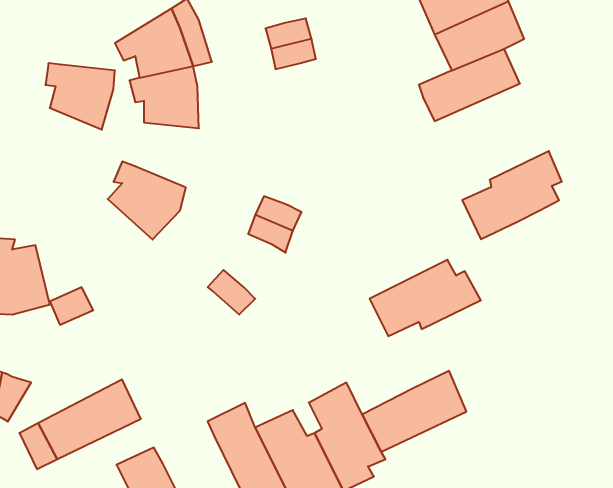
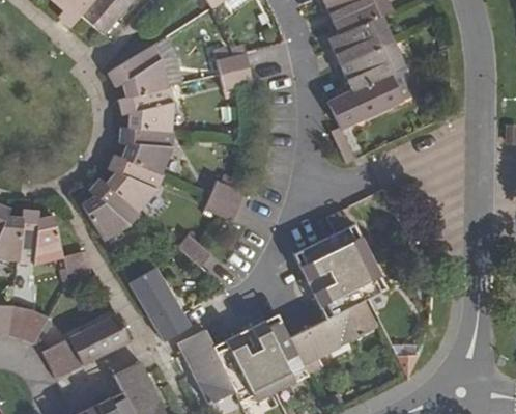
building: [45,63,115,130] -> [121,127,171,174]
building: [462,151,562,239] -> [311,255,382,319]
building: none -> [83,178,141,241]
building: none -> [130,267,190,339]

